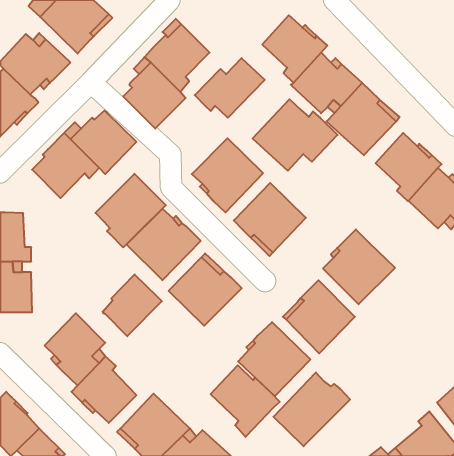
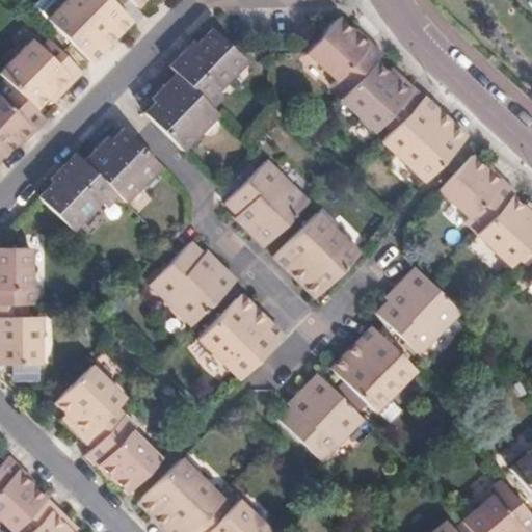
building: [195,58,265,118] -> none
building: [253,99,338,171] -> none
building: [95,174,166,247] -> none
building: [103,274,162,336] -> none
building: [211,365,280,437] -> none
building: [273,372,350,446] -> none

